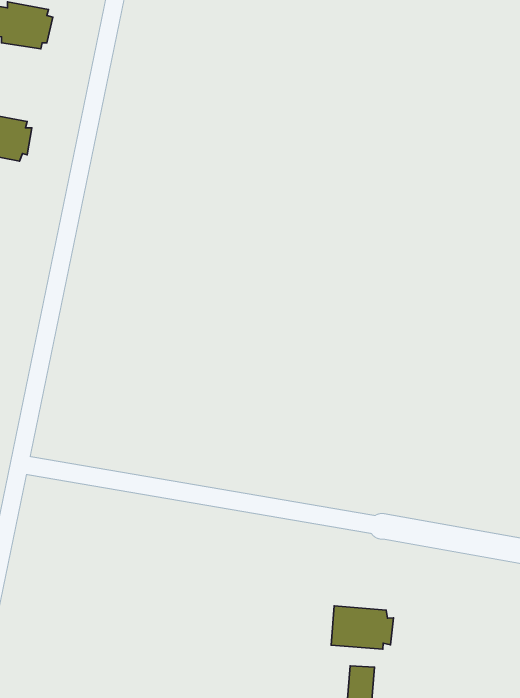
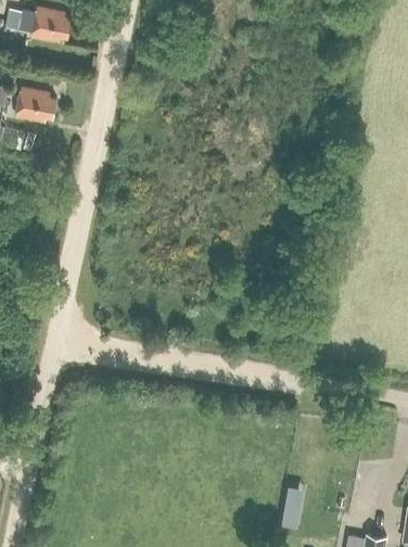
building: [331,606,394,649] -> none

